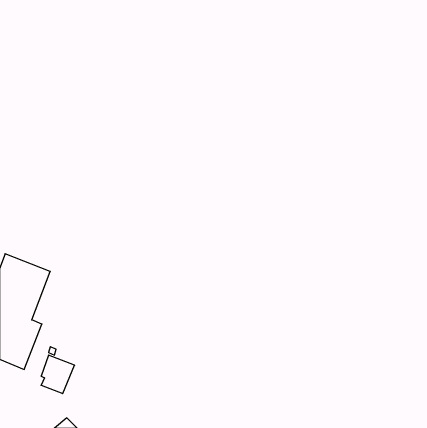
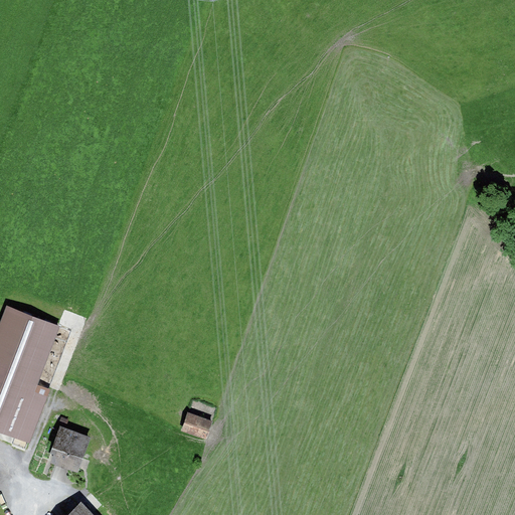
building: none -> [181,411,212,439]

